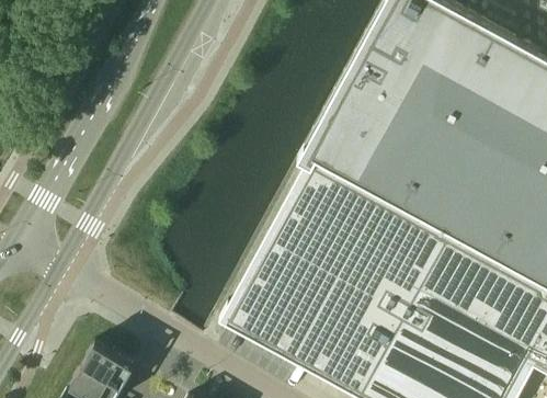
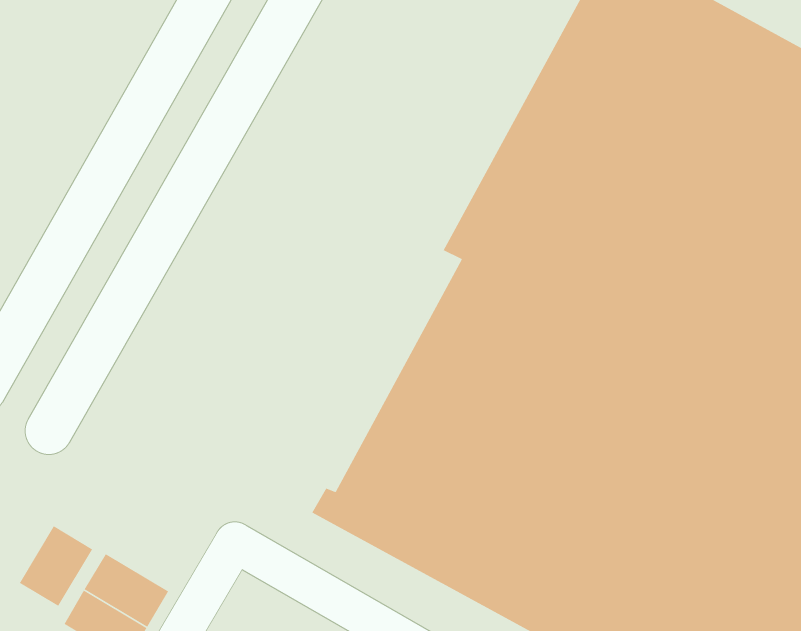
building: none -> [19,525,93,607]

